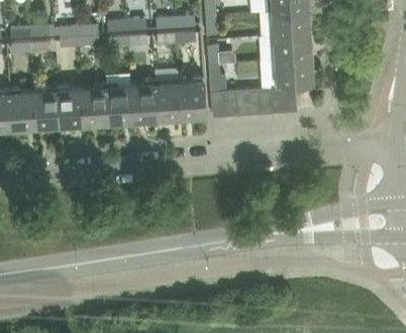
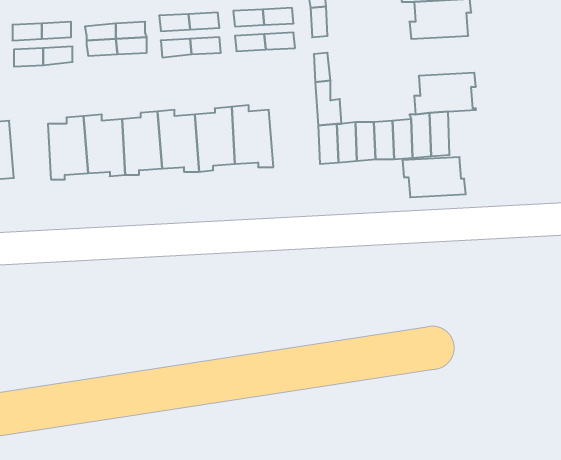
building: [272,31,313,58] -> [402,157,466,197]
building: [179,75,206,117] -> none
building: [9,86,36,126] -> none

